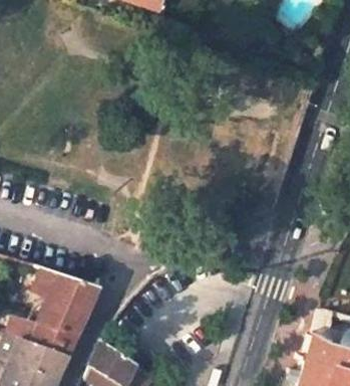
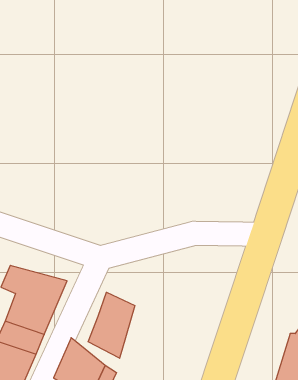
building: none -> [88,292,135,358]

